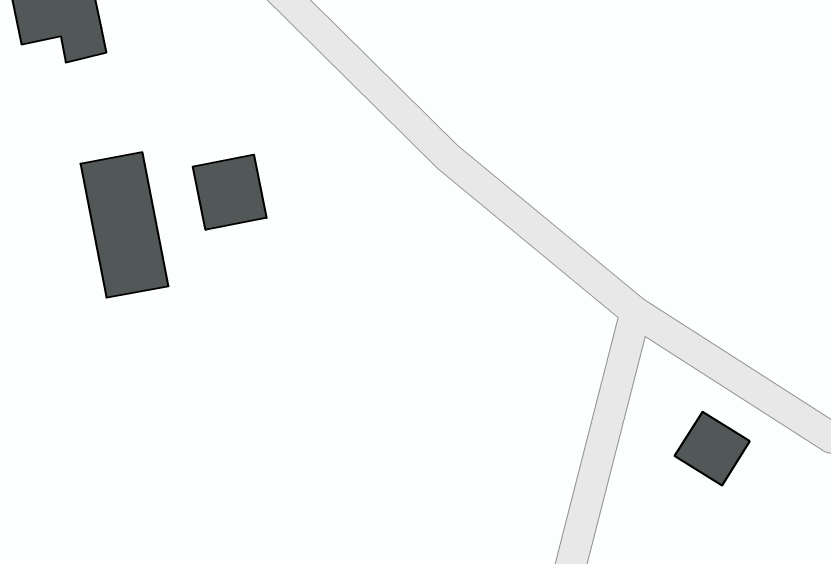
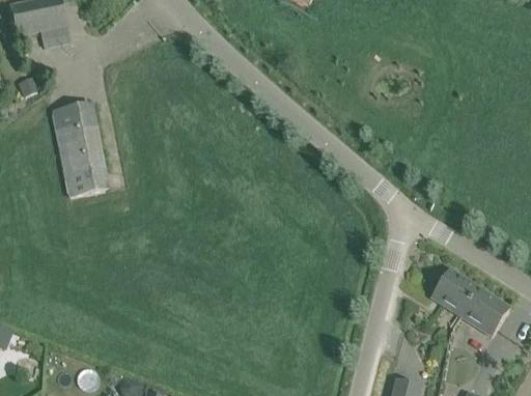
building: [193,155,267,230] -> none
building: none -> [460,287,509,336]

